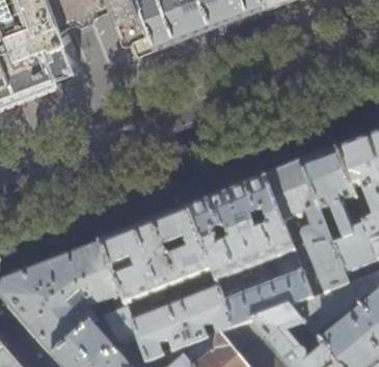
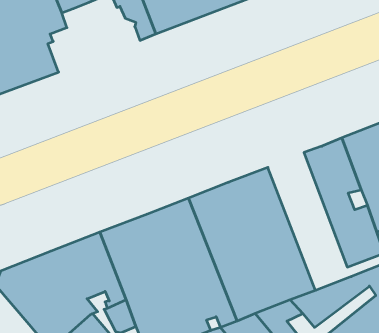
building: [265,164,347,299] -> none

